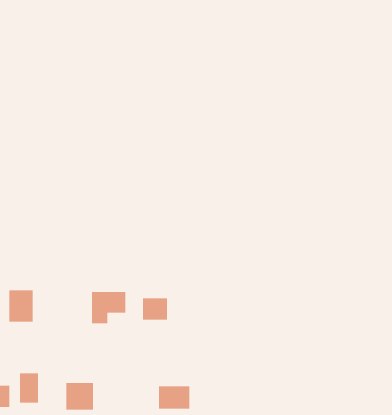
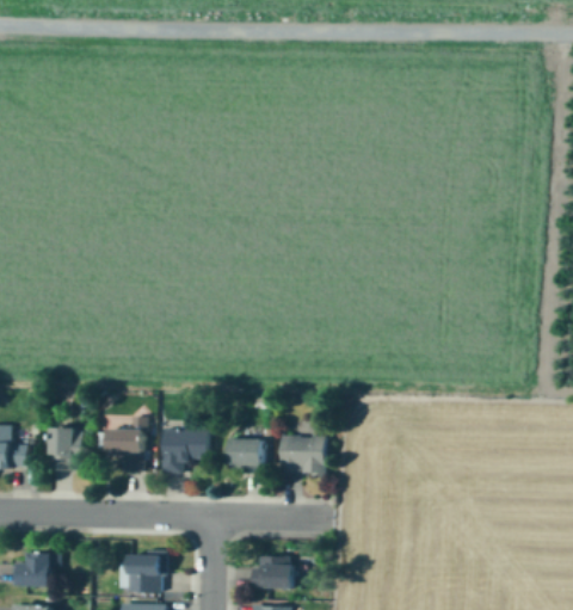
building: none -> [106,424,144,470]
building: none -> [279,435,325,473]
building: [19,373,39,403] -> none

